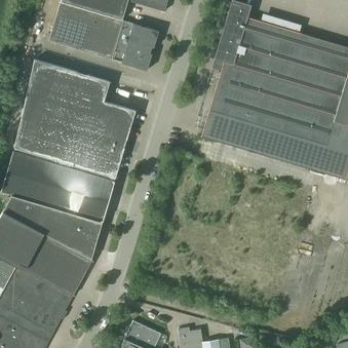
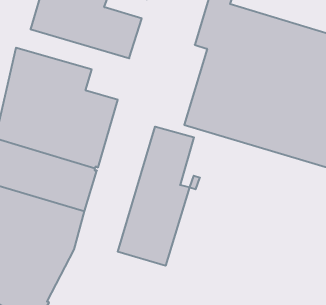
building: none -> [118,127,194,266]

